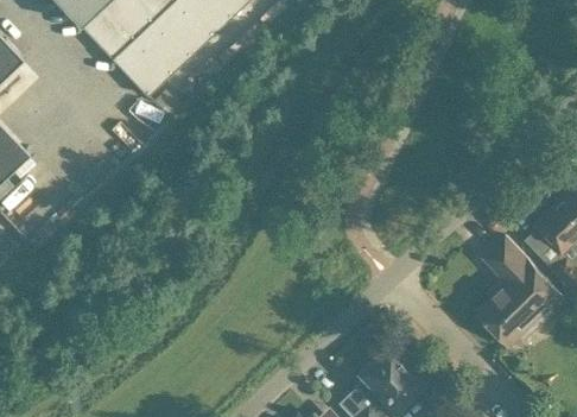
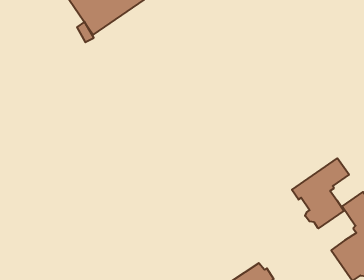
building: none -> [292,158,349,228]

